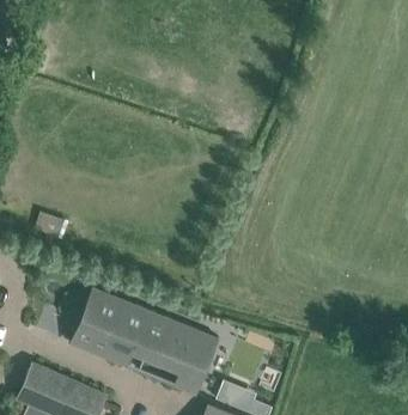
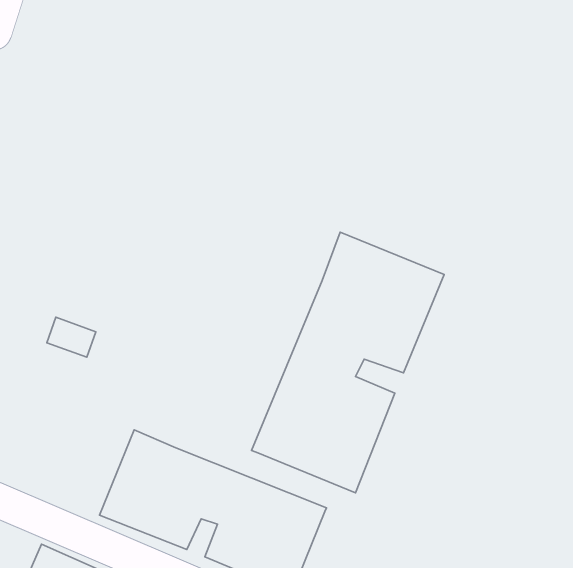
building: none -> [252,232,444,493]

